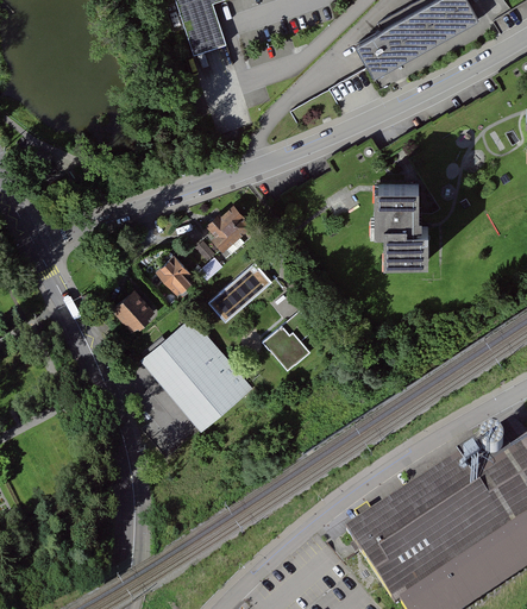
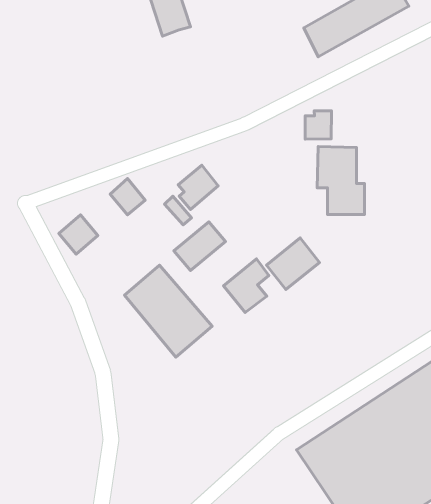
building: none -> [305,111,332,139]
building: [158,253,199,295] -> [110,179,145,215]
building: none -> [266,238,319,290]
building: [114,288,159,333] -> [59,215,98,254]

